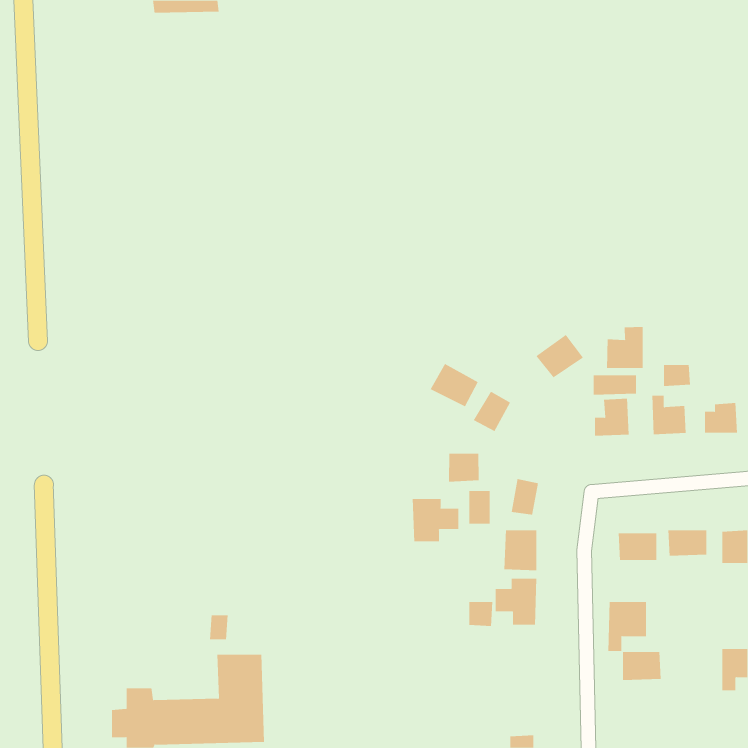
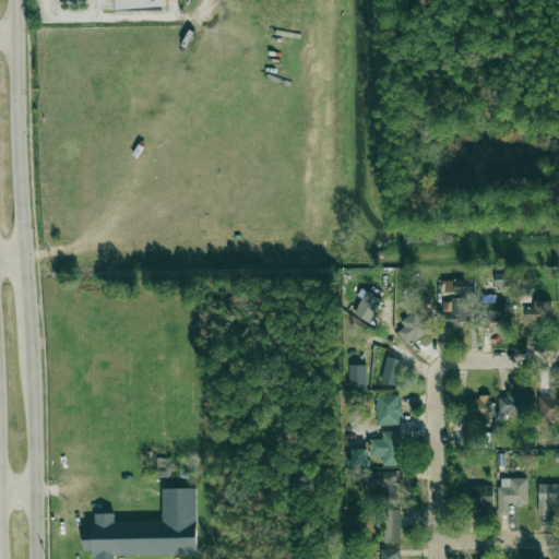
building: [607,326,643,369] -> none
building: [535,334,584,378] -> [394,312,430,345]
building: [430,363,479,407] -> none
building: [449,453,479,482] -> none
building: [412,498,459,542] -> none
building: [607,602,647,651] -> [498,478,527,515]
building: none -> [364,472,402,499]
building: none -> [380,510,401,544]

